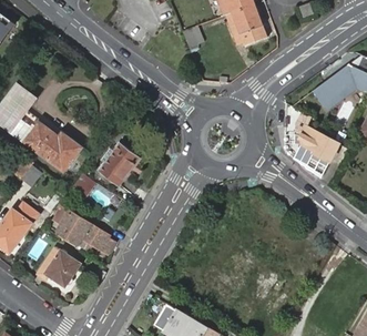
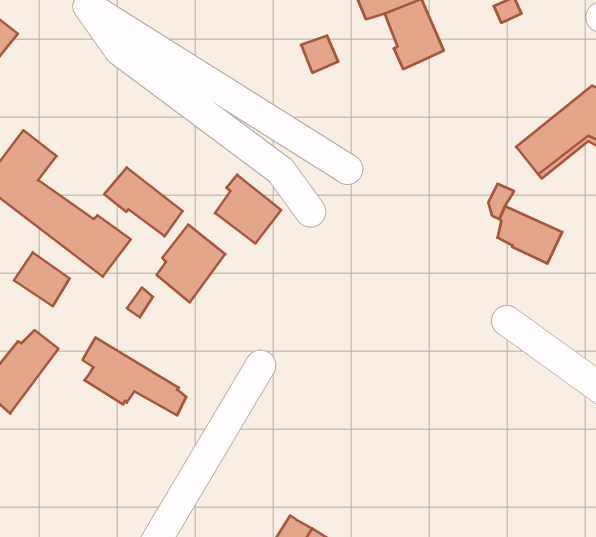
building: none -> [104,167,183,236]
building: none -> [215,175,281,243]
building: [38,246,80,284] -> none

